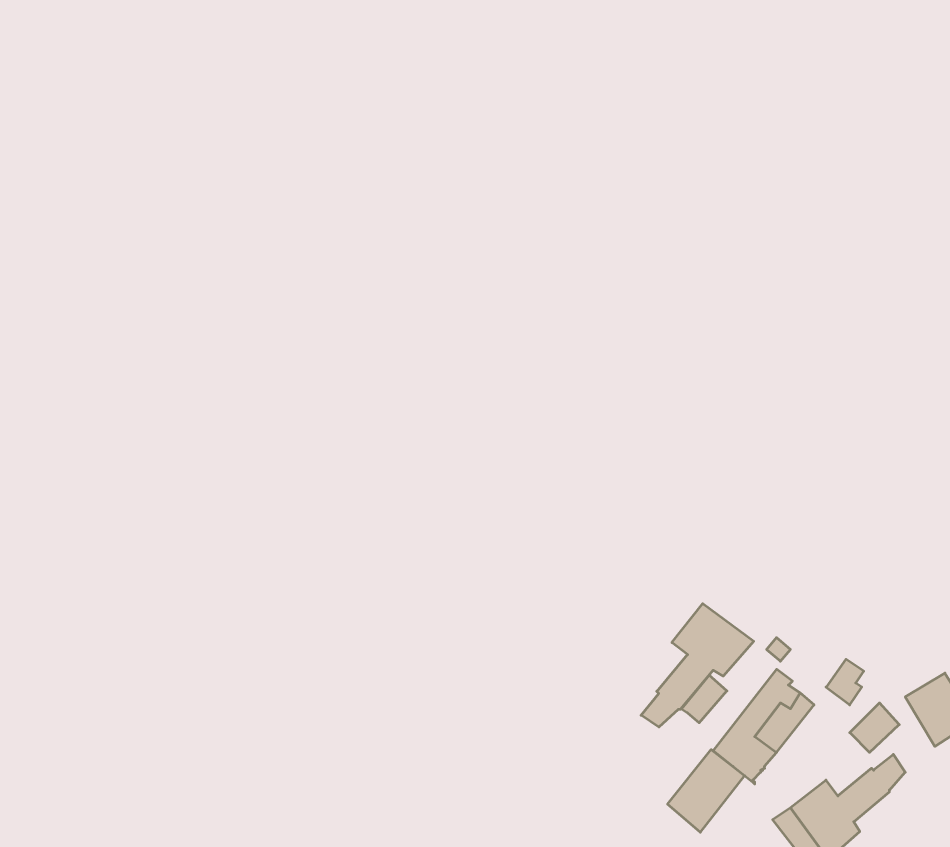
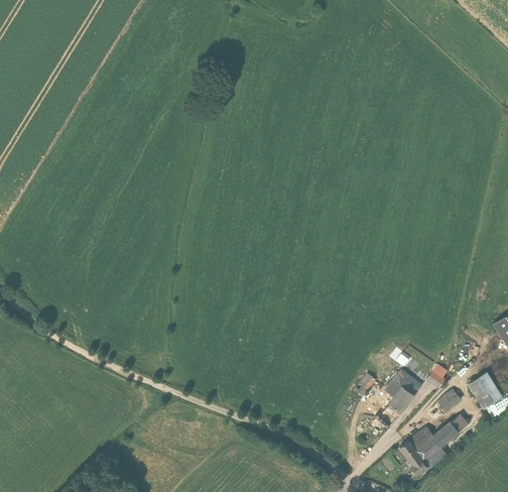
building: [641,604,754,727] -> none
building: [668,750,745,832] -> none

